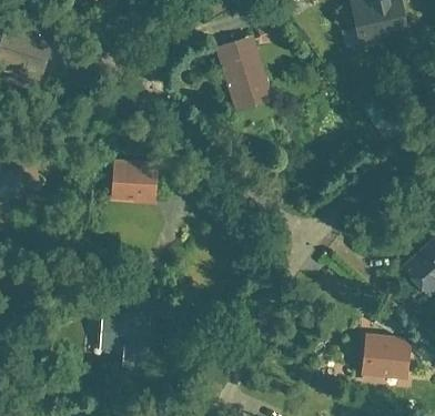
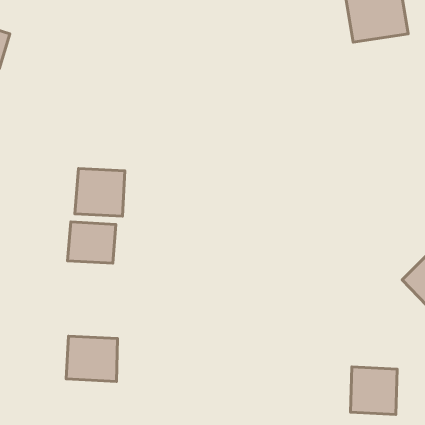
building: [212,34,273,114] -> none
building: none -> [68,222,116,263]

